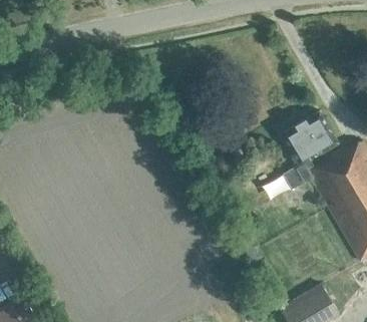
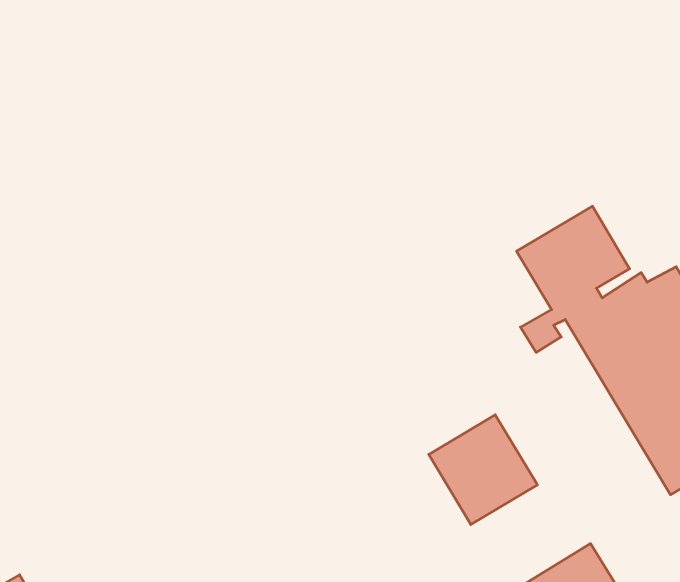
building: none -> [429,415,537,525]

